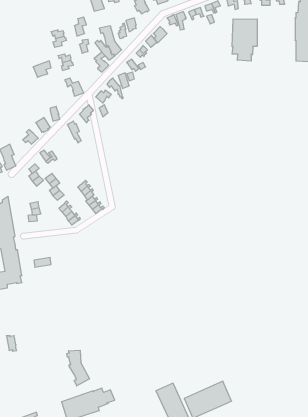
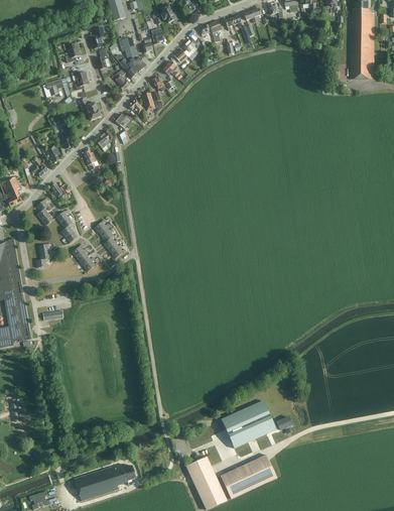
building: [232,19,257,61] -> none
building: none -> [220,399,292,448]
building: [67,350,89,386] -> none

